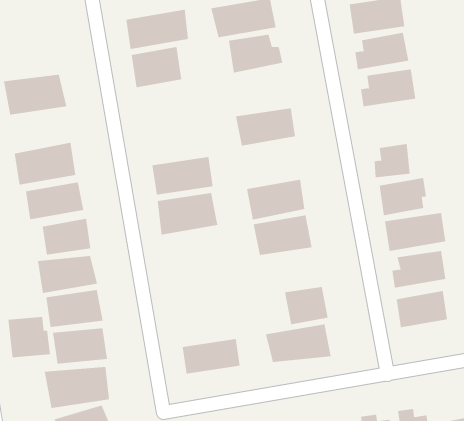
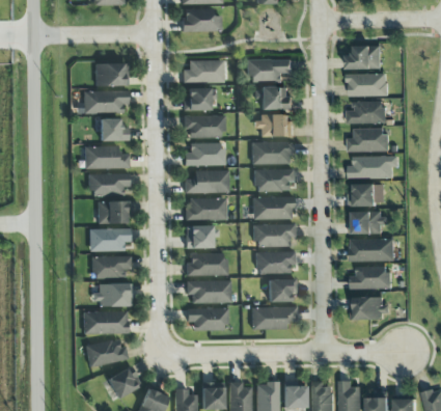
building: none -> [93,62,128,87]
building: none -> [254,114,294,138]
building: none -> [183,115,225,140]
building: none -> [349,155,399,177]
building: none -> [100,122,129,140]
building: none -> [184,142,226,166]
building: none -> [253,168,294,194]
building: none -> [183,227,214,251]
building: none -> [256,251,297,276]
building: none -> [185,255,228,276]
building: none -> [186,282,230,303]
building: [8,316,50,358] -> none

